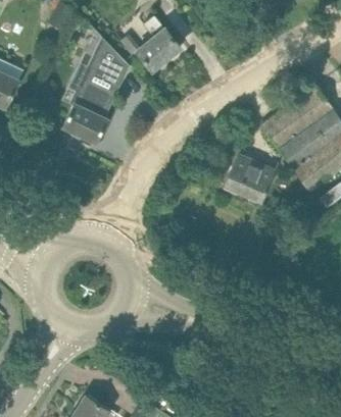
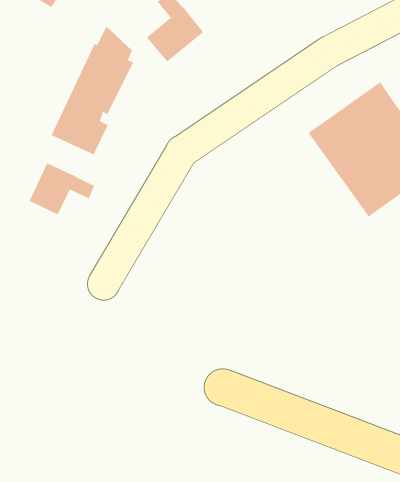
building: [222,145,279,203] -> none
building: none -> [28,162,95,216]

